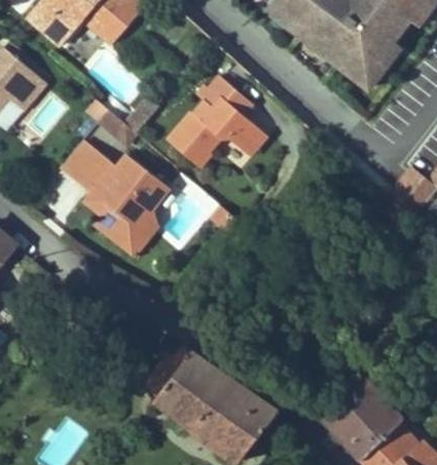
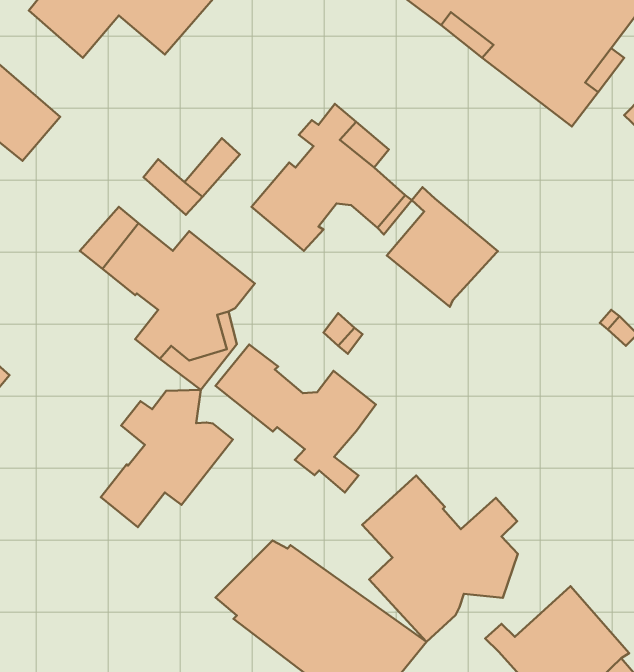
building: none -> [387,187,498,307]
building: none -> [216,344,376,492]
building: none -> [101,390,233,527]
building: none -> [362,476,518,642]

